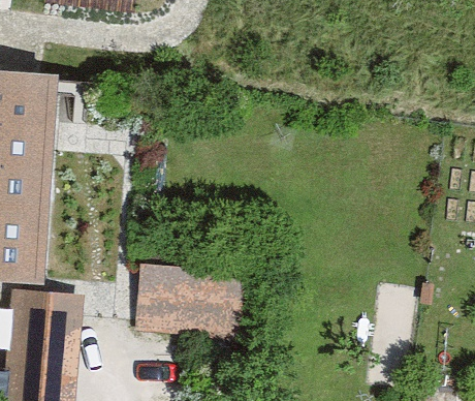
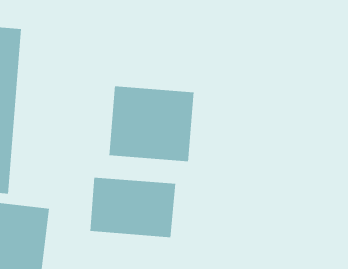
building: none -> [109,86,194,162]

